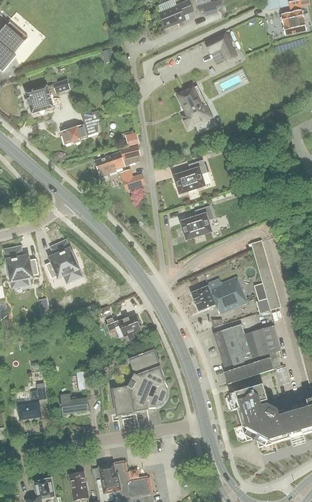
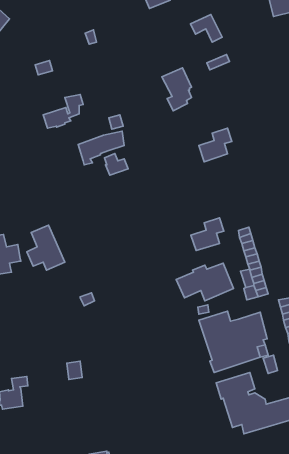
building: [25,85,53,113] -> none
building: [175,159,207,192] -> [199,128,232,162]
building: [182,205,214,237] -> [191,218,224,251]
building: [105,314,141,343] -> none
building: [112,351,166,413] -> none
building: [60,394,89,413] -> none

